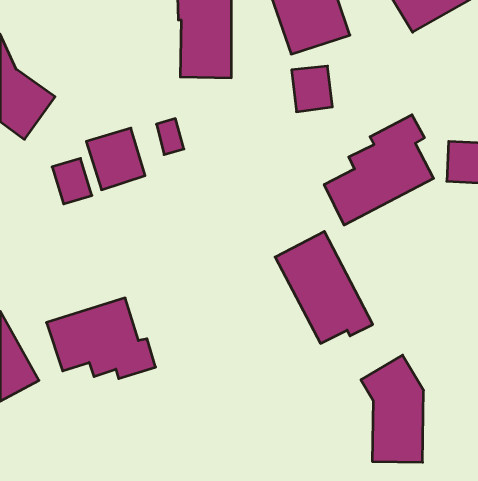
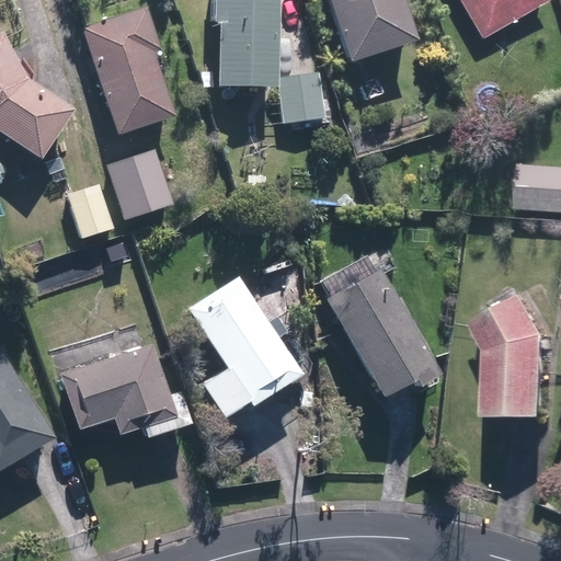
building: none -> [81,7,173,135]
building: [292,66,332,112] -> [280,70,328,123]
building: [324,115,434,225] -> none
building: none -> [188,275,300,419]
building: [361,355,424,462] -> [479,295,551,419]

